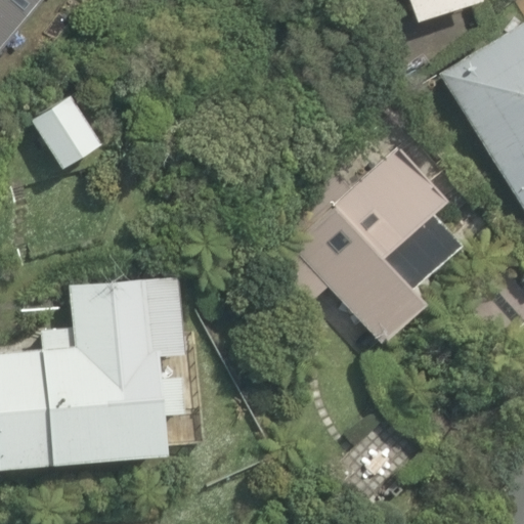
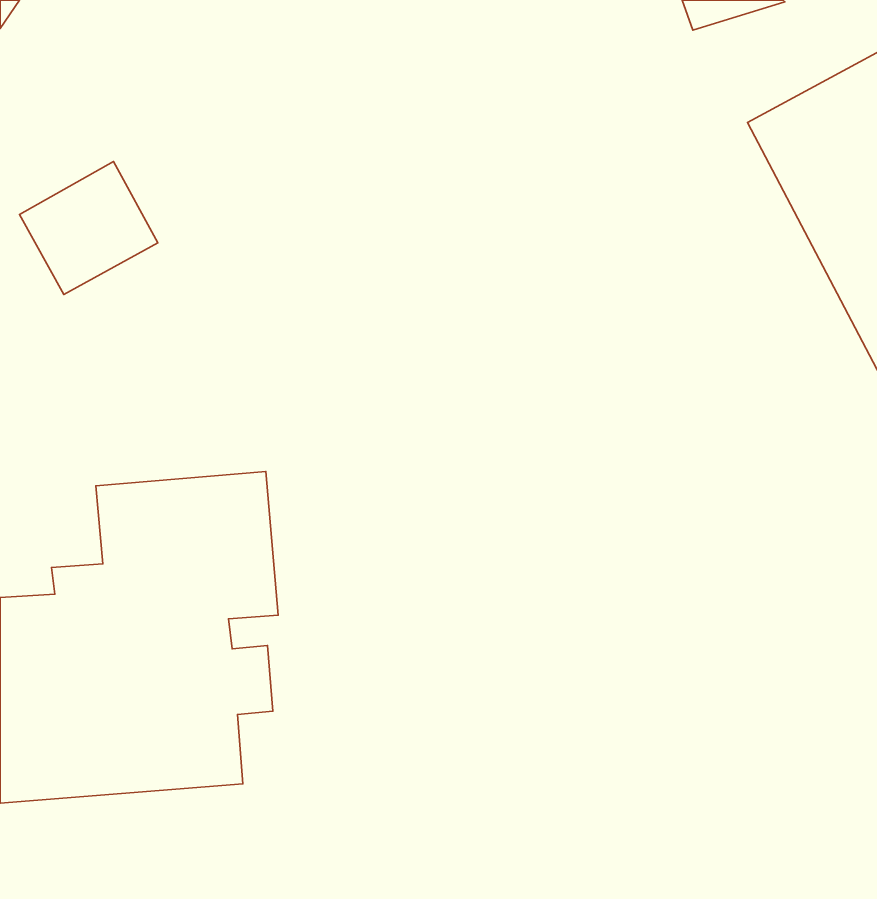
building: [282,138,462,338] -> none

